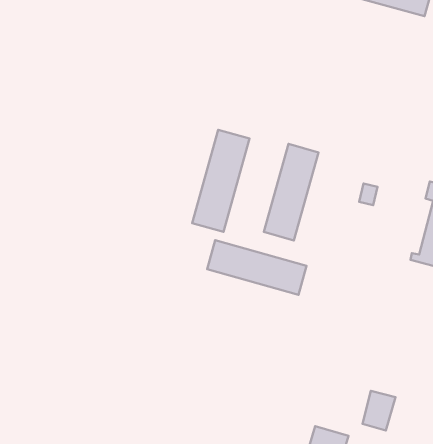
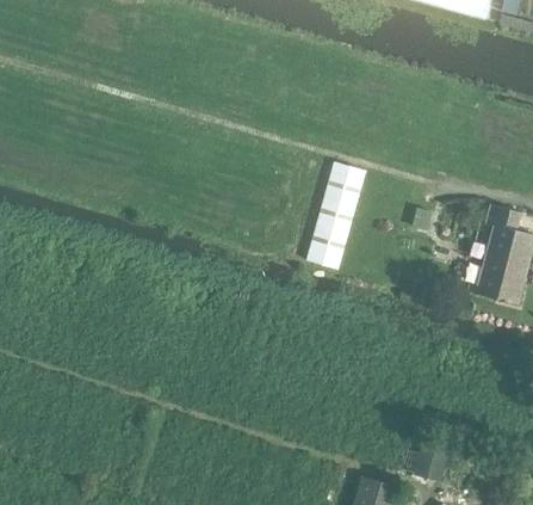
building: [192,130,250,232] -> none
building: [207,240,307,295] -> none

